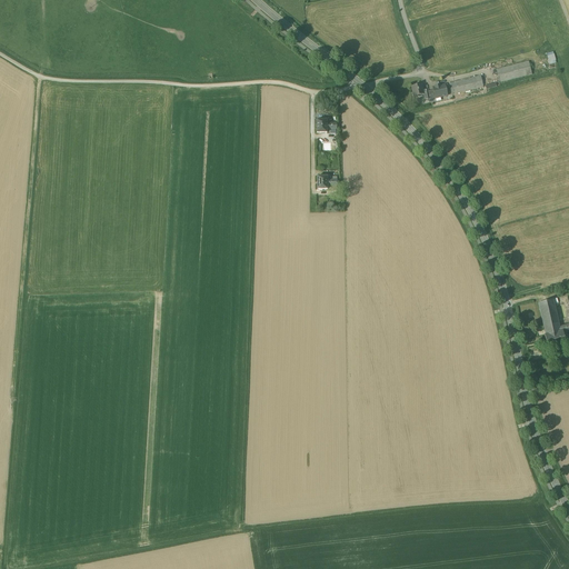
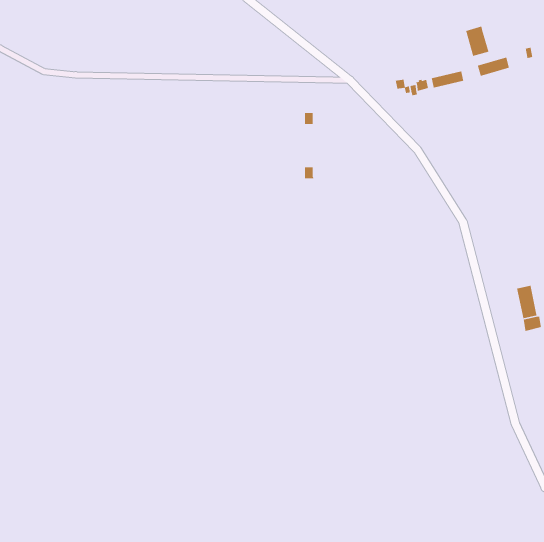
building: none -> [465,26,490,57]

